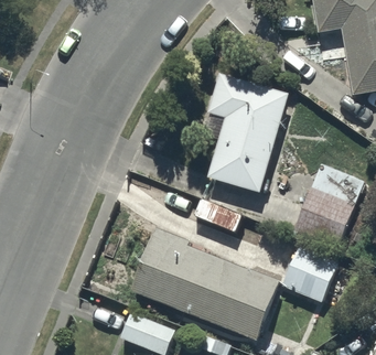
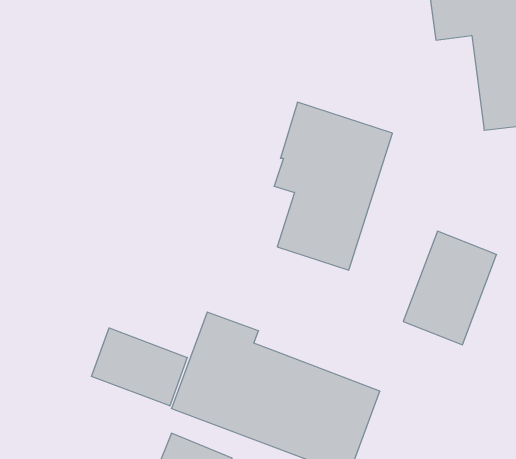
building: none -> [92,328,187,406]
building: [283,245,337,298] -> none

